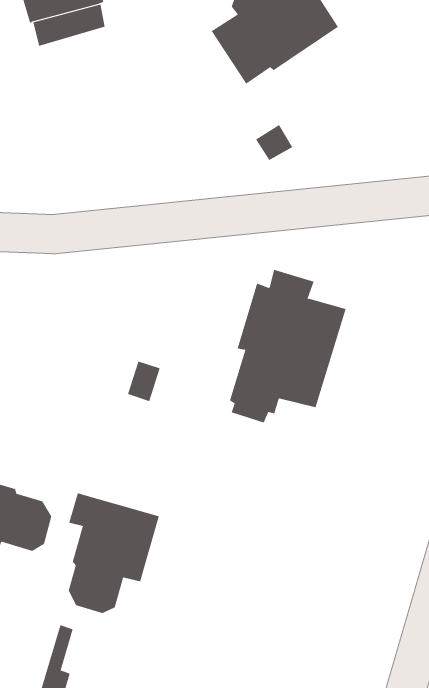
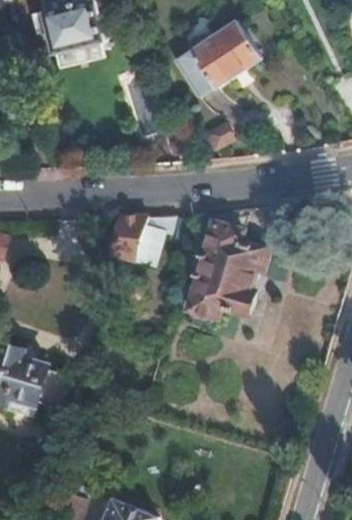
building: none -> [110,213,172,264]
building: [68,492,160,614] -> none

